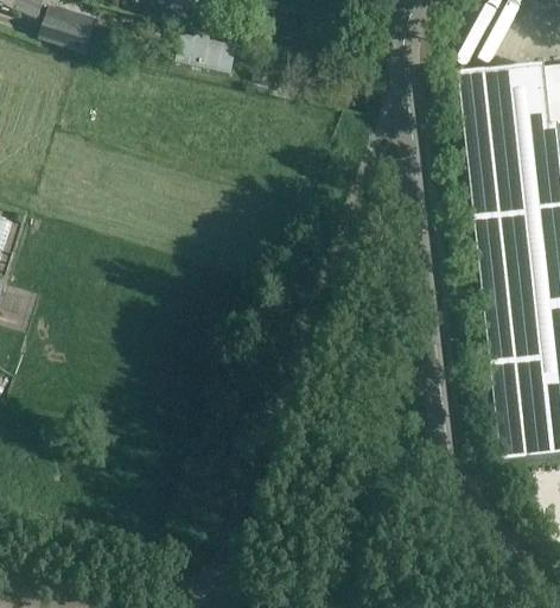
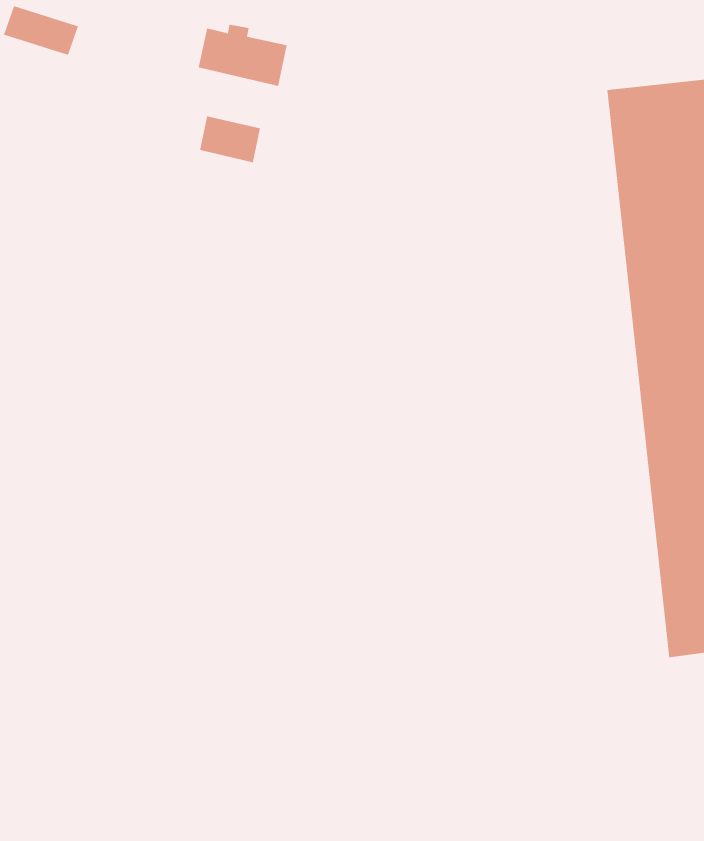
building: none -> [200,115,261,163]

